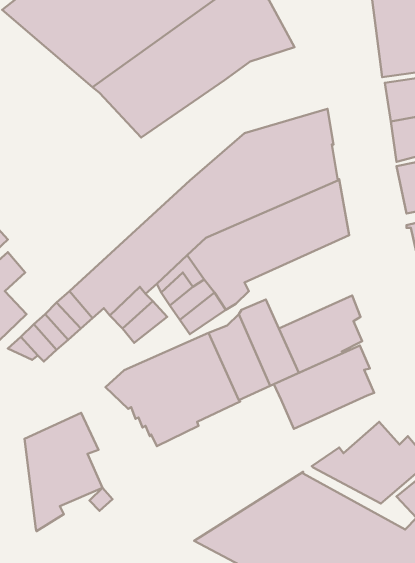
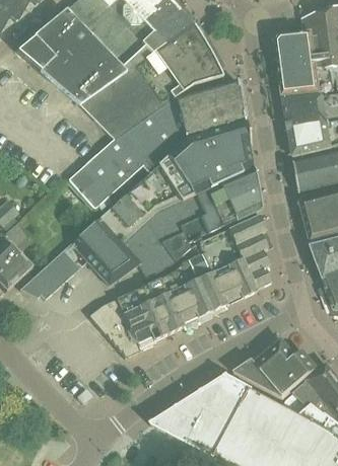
building: none -> [70,79,246,207]
building: [274,345,374,429] -> [197,215,268,274]
building: [24,413,103,531] -> none

